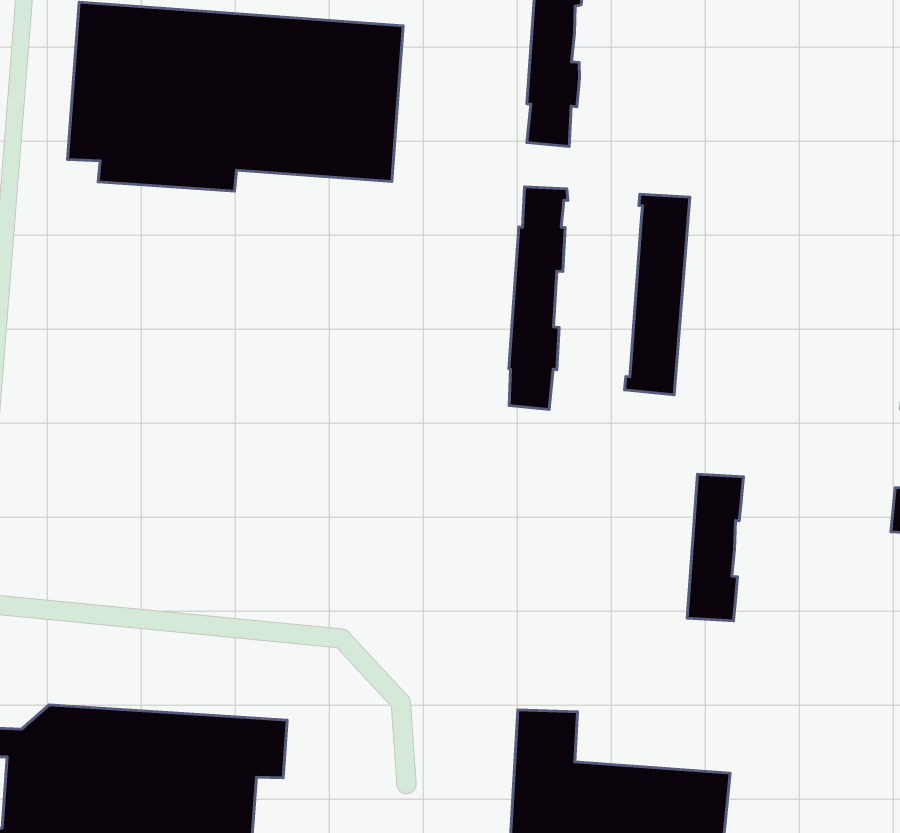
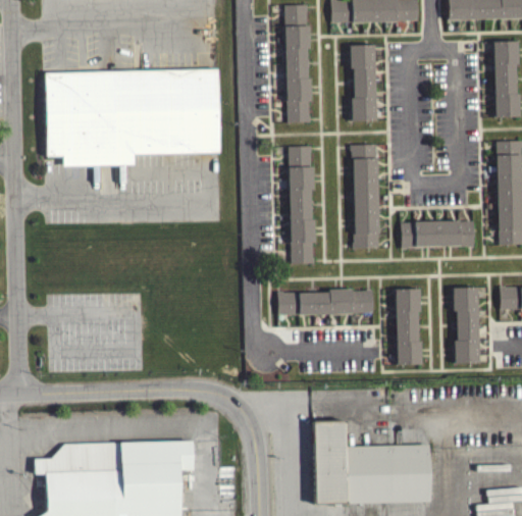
building: none -> [351,45,377,121]
building: none -> [402,220,474,248]
building: none -> [278,290,373,315]
building: none -> [453,288,479,363]

